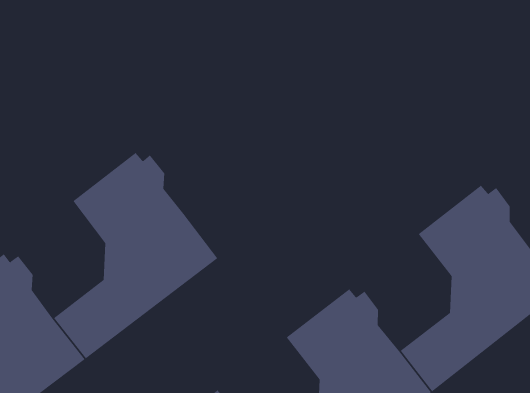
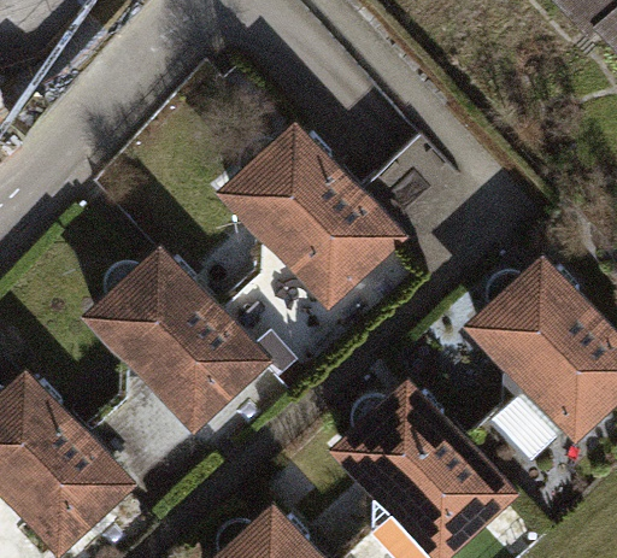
building: none -> [219,130,395,363]

